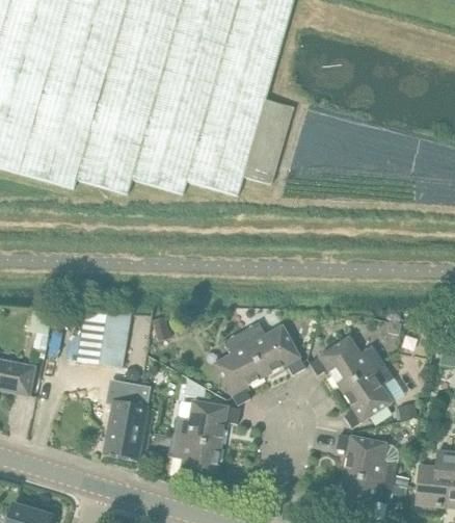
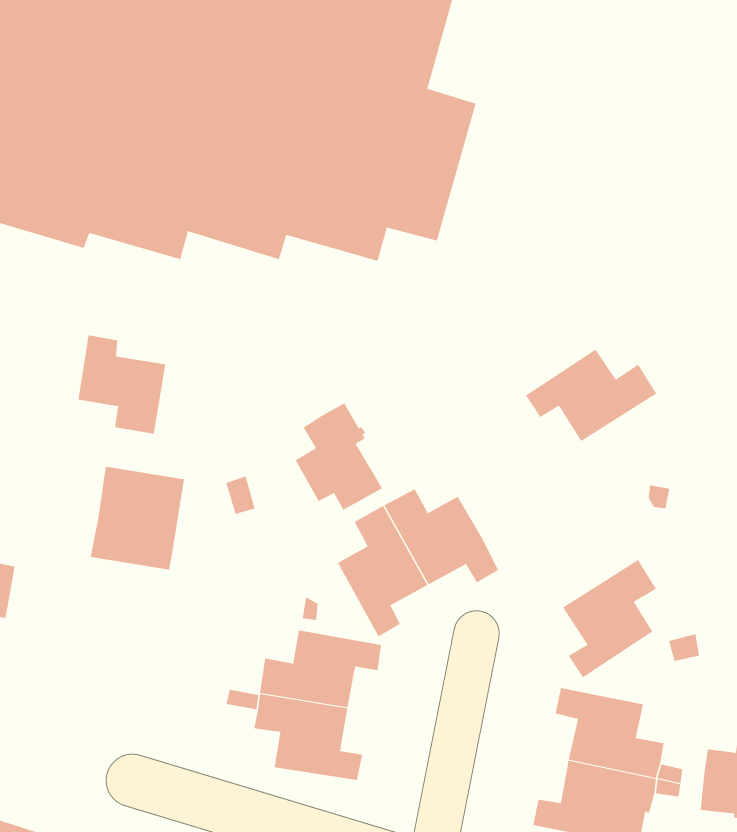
building: none -> [78,334,166,435]
building: none -> [295,403,383,511]
building: [310,336,383,388] -> [525,349,657,442]
building: [104,356,148,461] -> none

